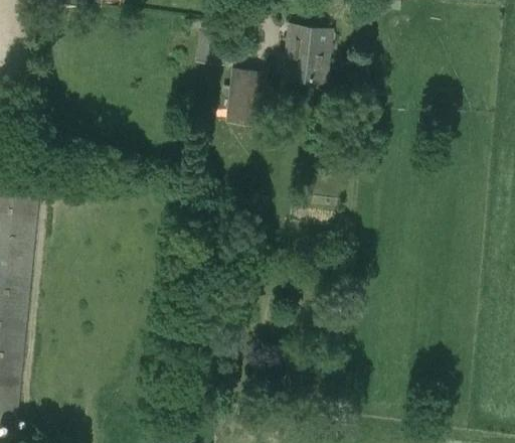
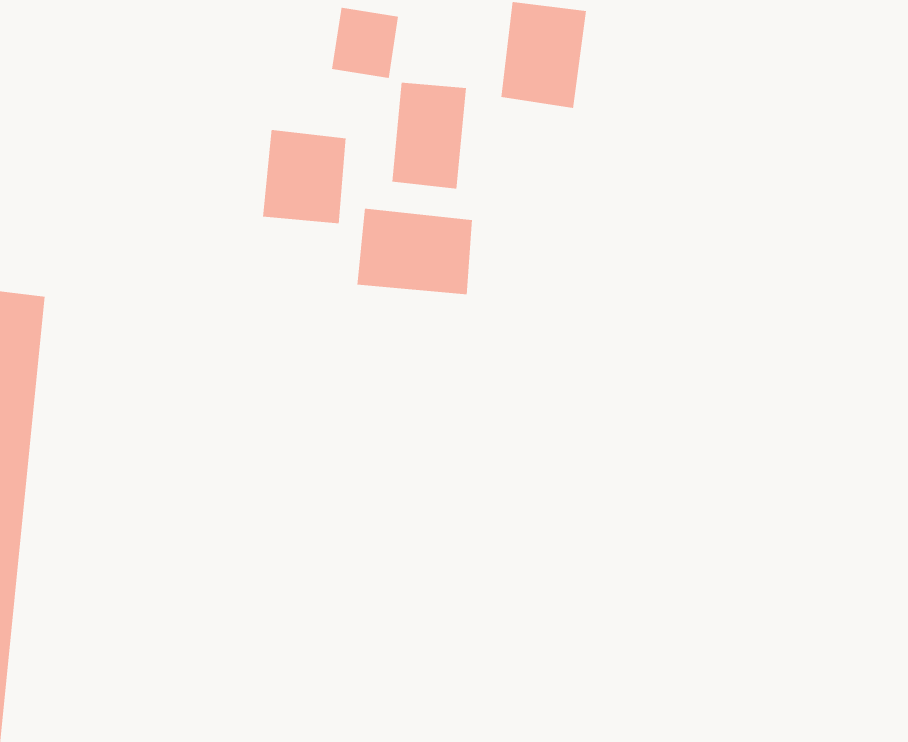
building: none -> [262,129,346,224]
building: none -> [357,208,473,295]

